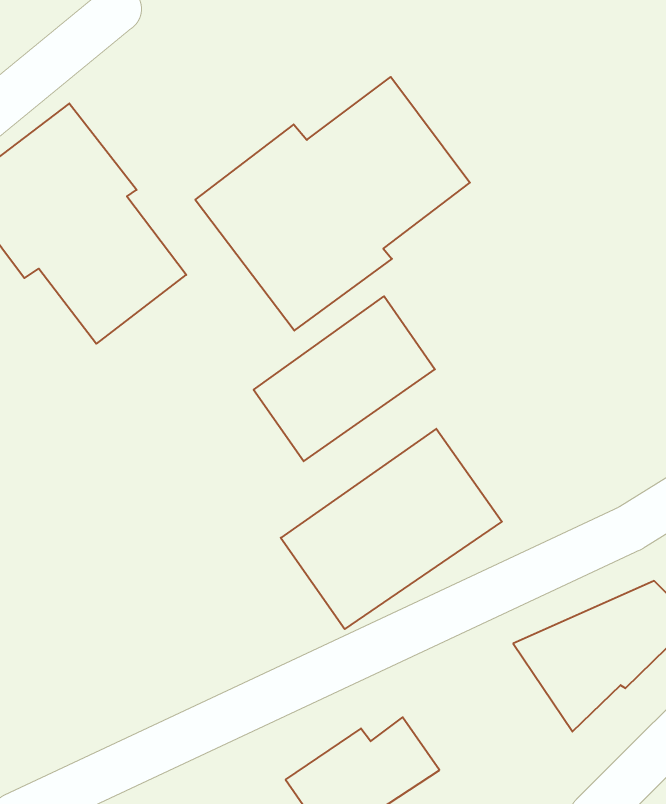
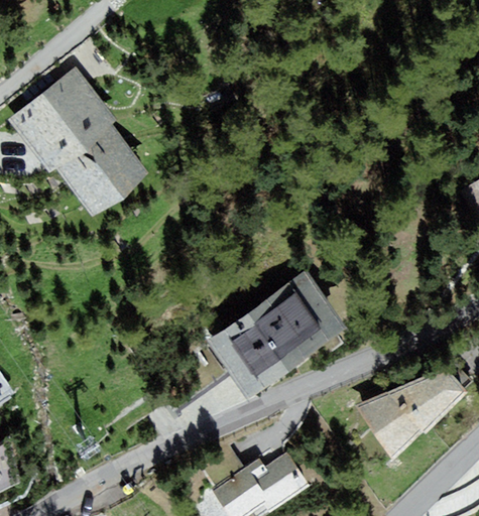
building: [195,77,470,331] -> none
building: [254,296,435,461] -> none

